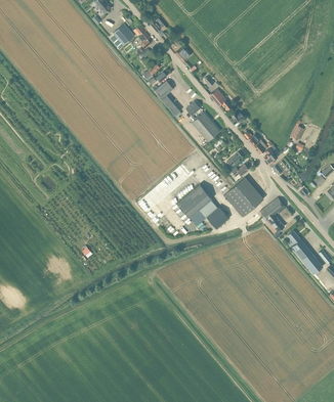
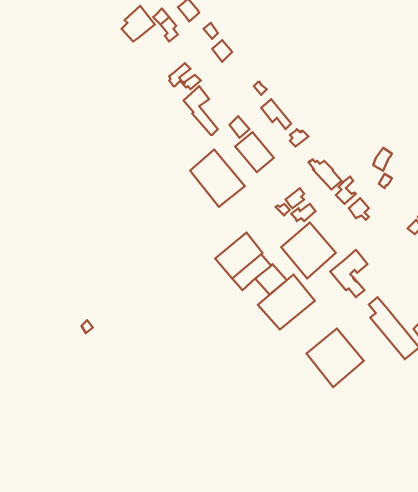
building: none -> [190,150,245,207]
building: none -> [258,275,315,329]
building: none -> [306,328,364,387]

